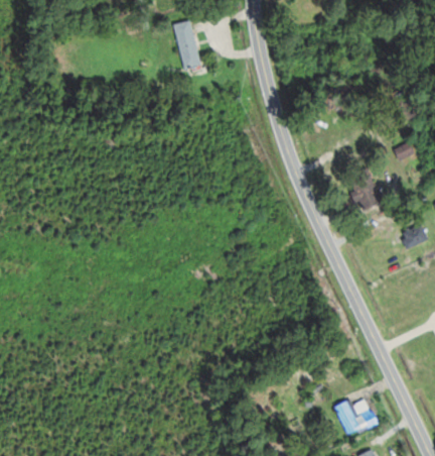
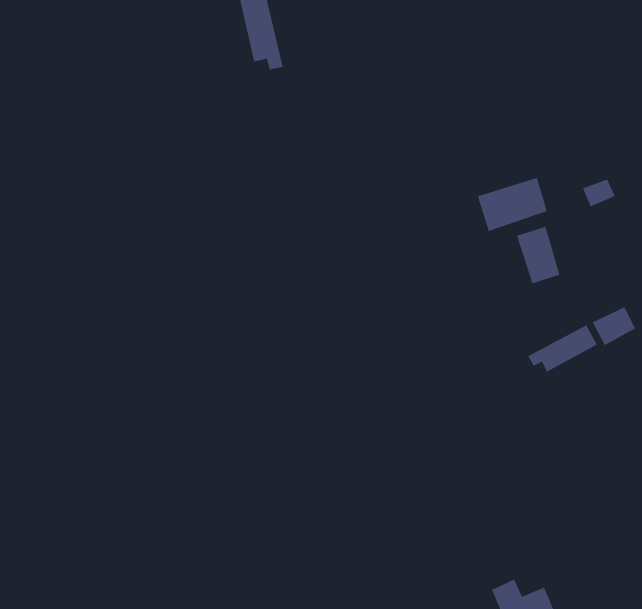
building: none -> [477,177,547,232]
building: none -> [528,324,597,372]

